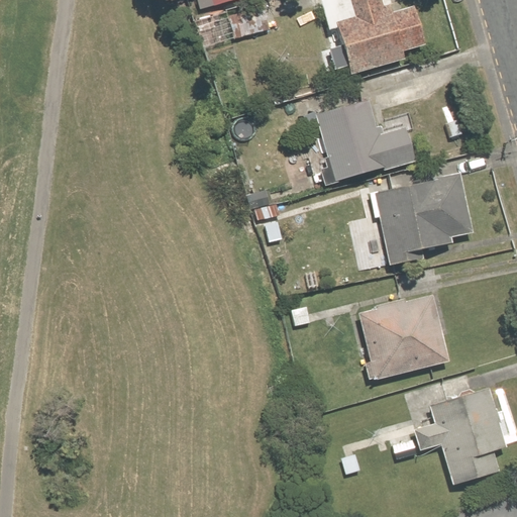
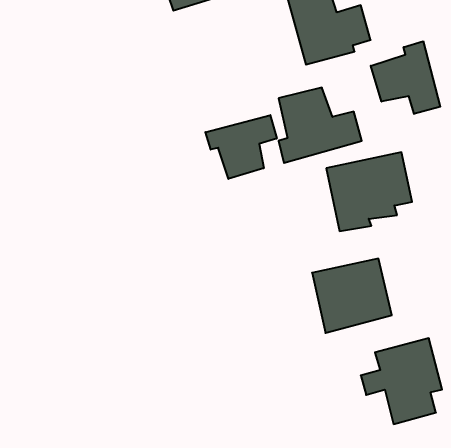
building: none -> [371,41,440,114]
building: none -> [205,115,277,179]

